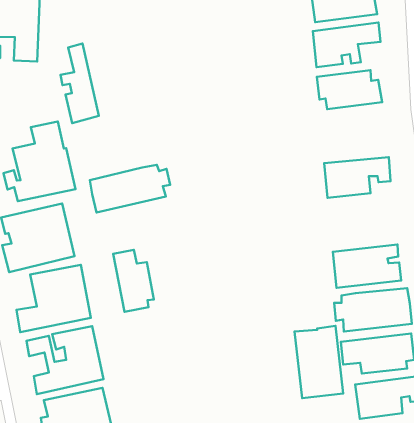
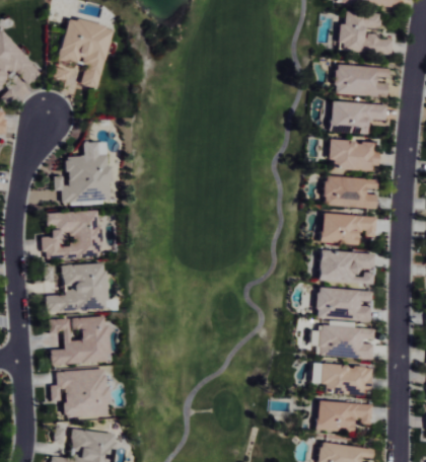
building: [60,44,99,123] -> none
building: none -> [324,176,377,208]
building: [90,165,170,212] -> none
building: none -> [317,249,375,286]
building: [113,250,154,312] -> none
building: [295,326,343,398] -> none

